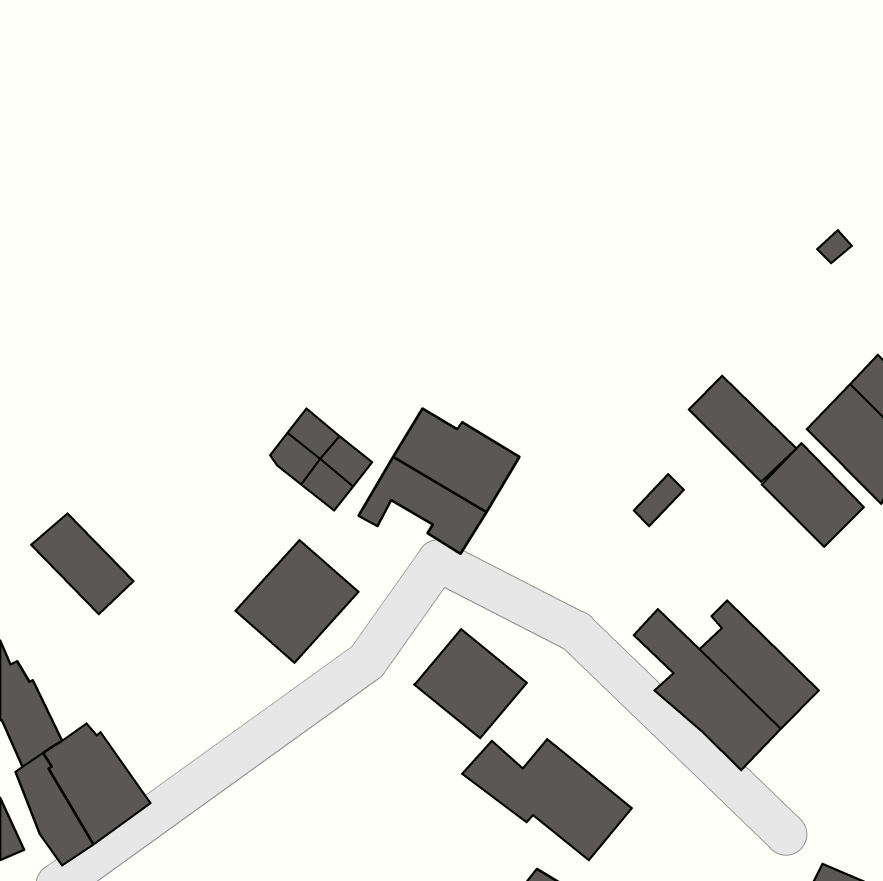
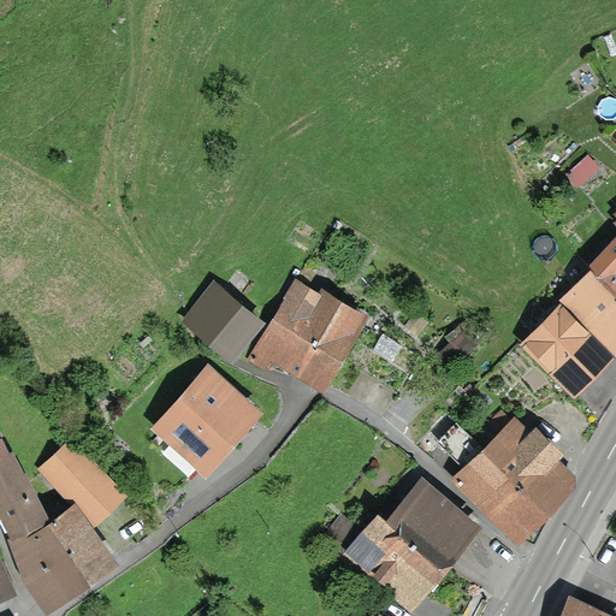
building: [689,376,796,482] -> none
building: [31,514,133,614] -> [48,449,119,519]
building: [414,629,527,738] -> [395,488,473,564]

